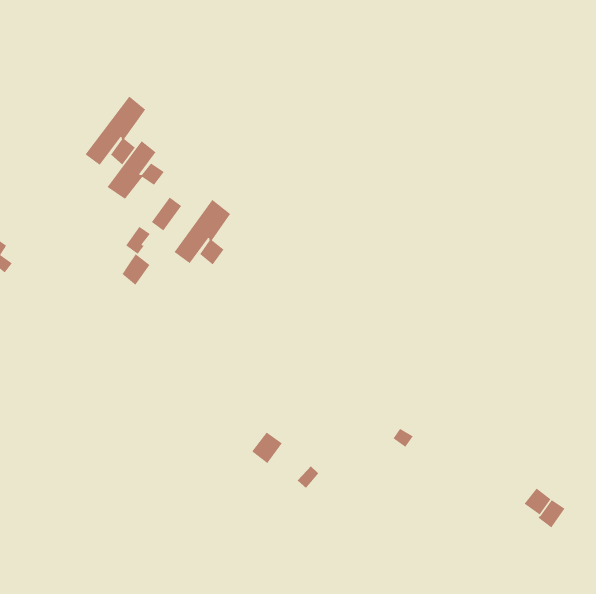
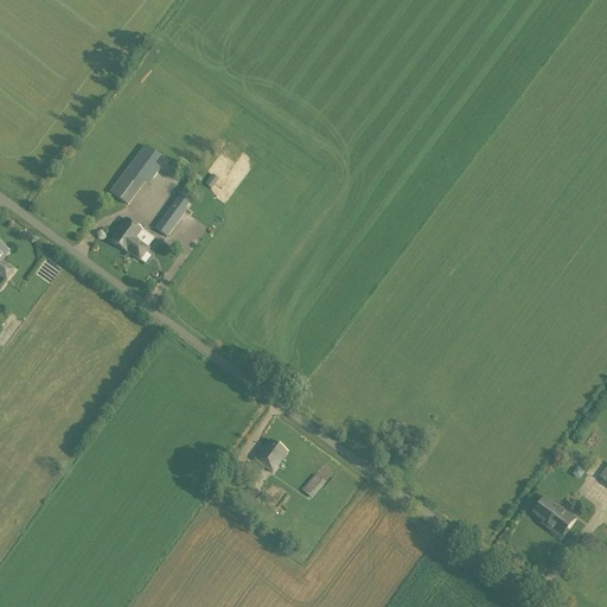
building: [85,95,146,166] -> none
building: [173,199,231,265] -> none
building: [121,253,151,286] -> [111,217,141,250]

